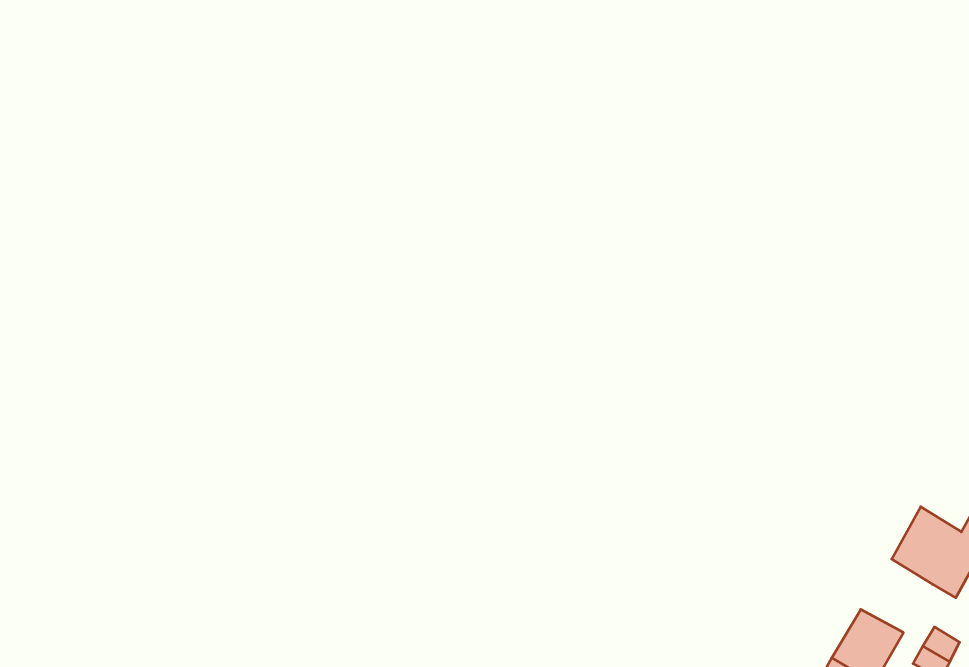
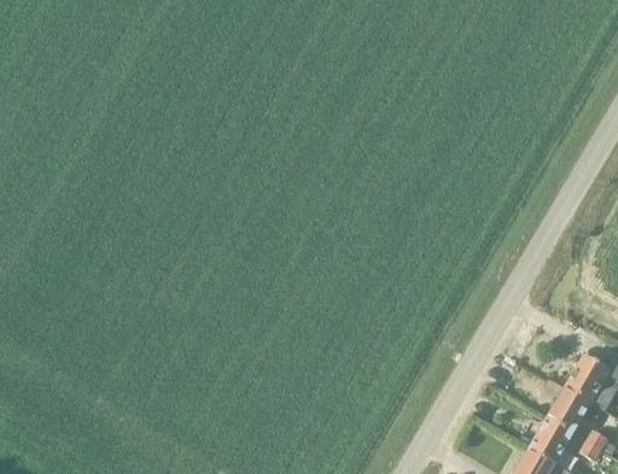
building: none -> [549,385,594,431]

